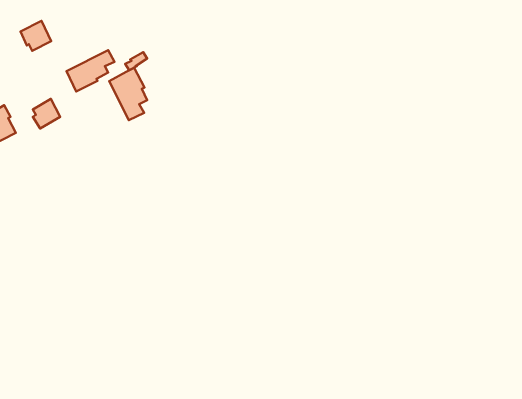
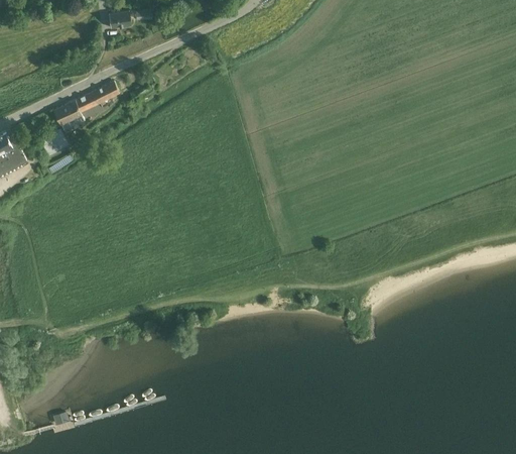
building: [20,21,51,51] -> [54,102,84,130]
building: [109,68,147,120] -> none

